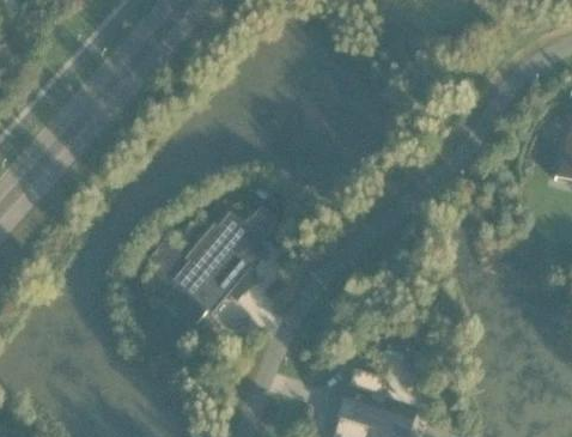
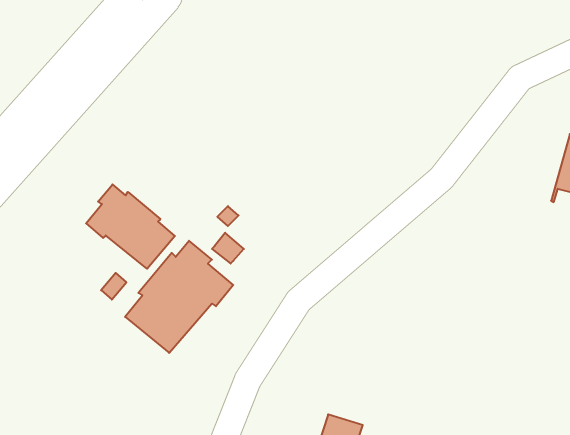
building: none -> [86,184,175,269]

